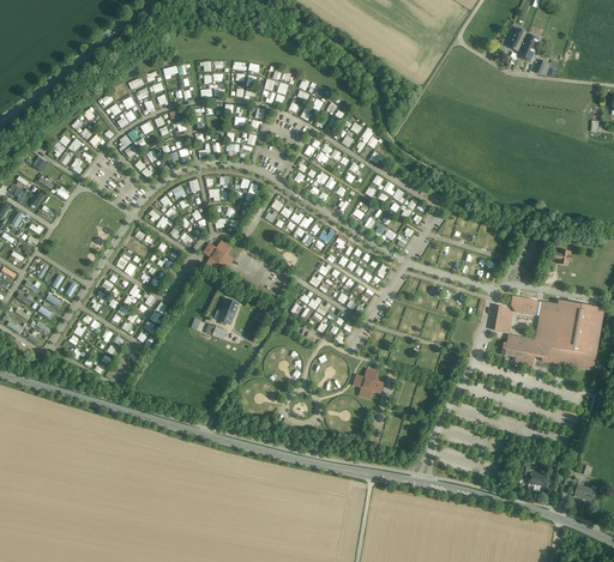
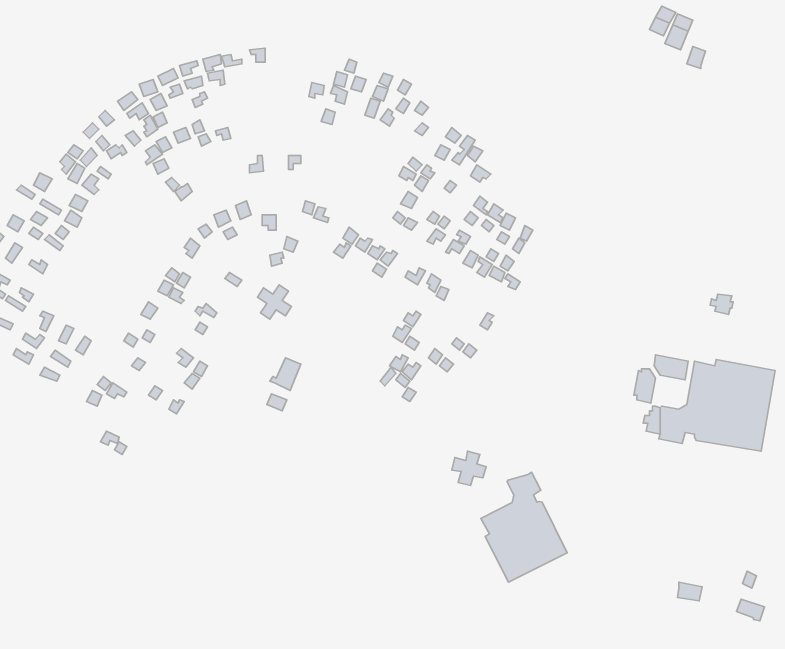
building: none -> [481,472,567,582]

